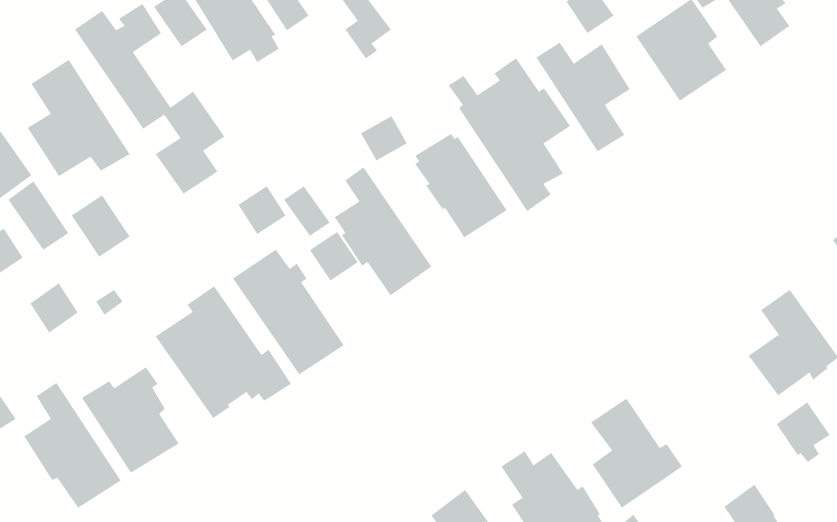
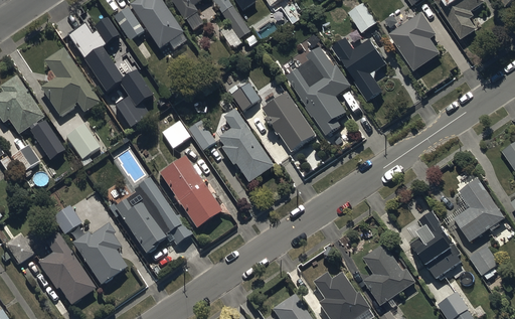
building: [309,231,359,281] -> none
building: [29,283,79,333] -> [52,205,80,234]
building: none -> [410,211,463,279]

